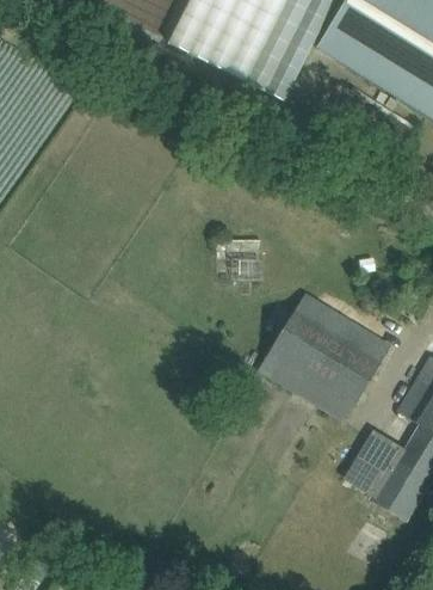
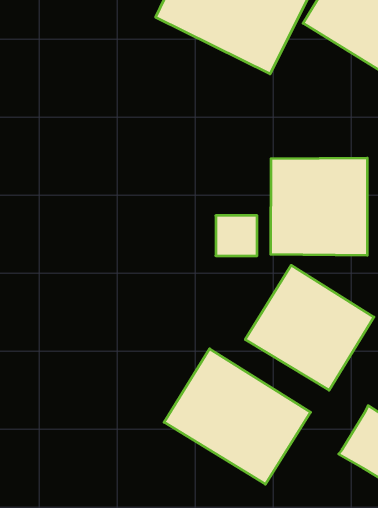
building: none -> [271,158,367,255]
building: none -> [164,349,311,484]

